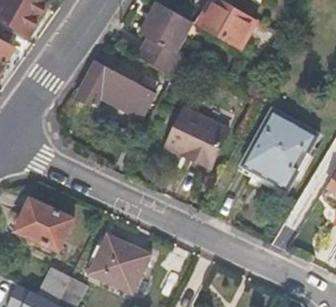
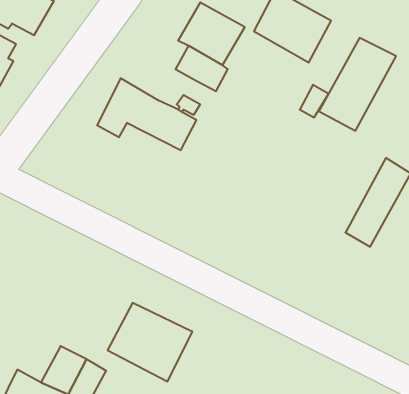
building: [164,107,227,168] -> none
building: [239,108,298,179] -> [319,38,396,131]
building: [12,196,71,249] -> none

